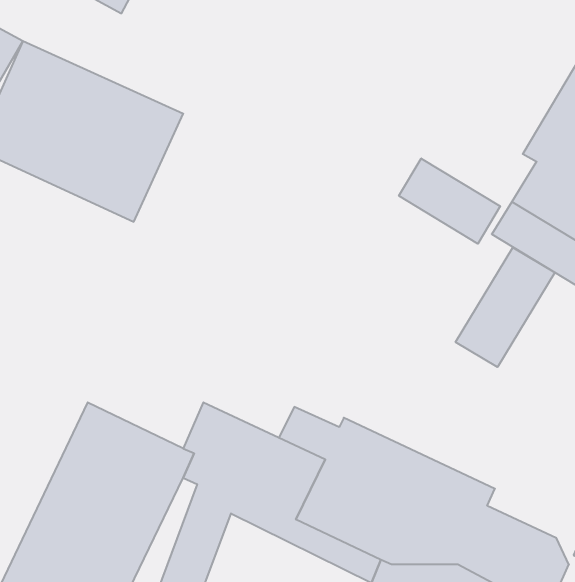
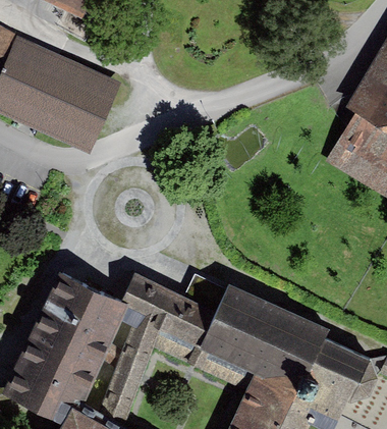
building: [399,158,500,244] -> none
building: [456,247,555,367] -> none

